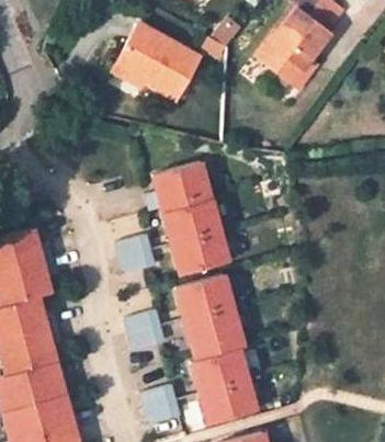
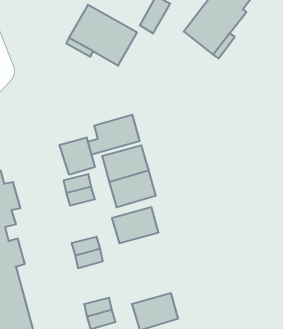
building: none -> [60,137,95,175]
building: [179,304,236,349] -> none
building: [185,347,242,392] -> none

